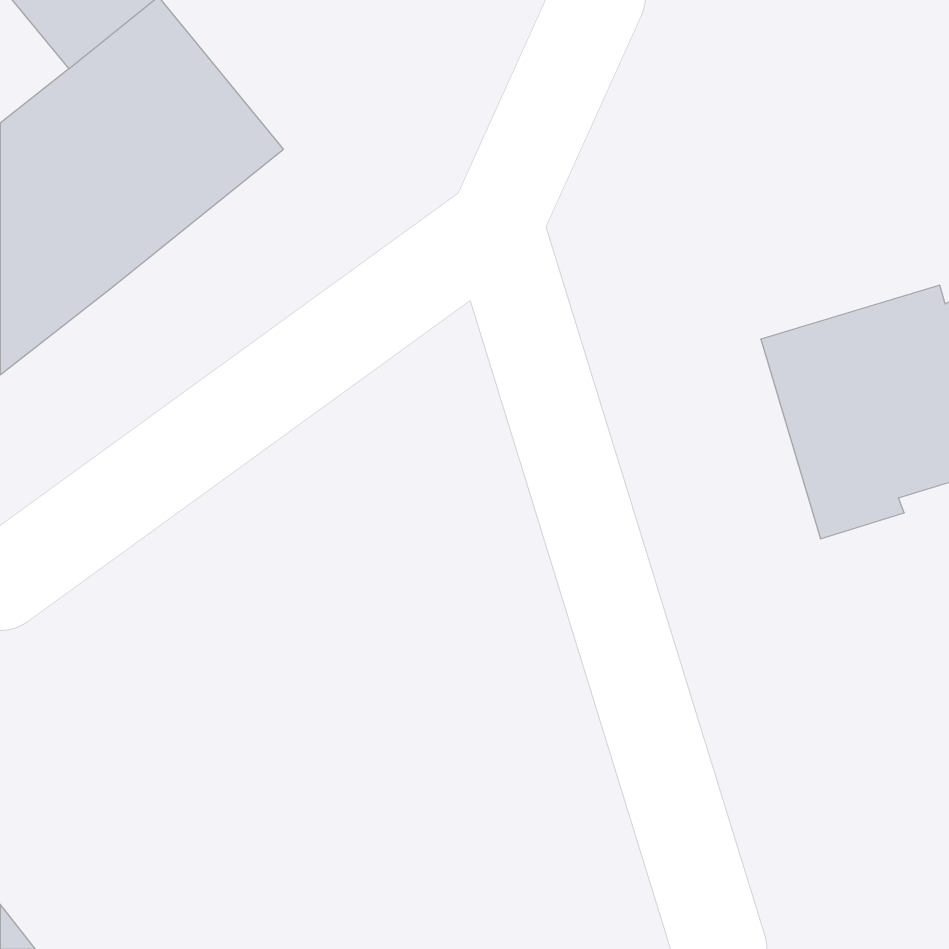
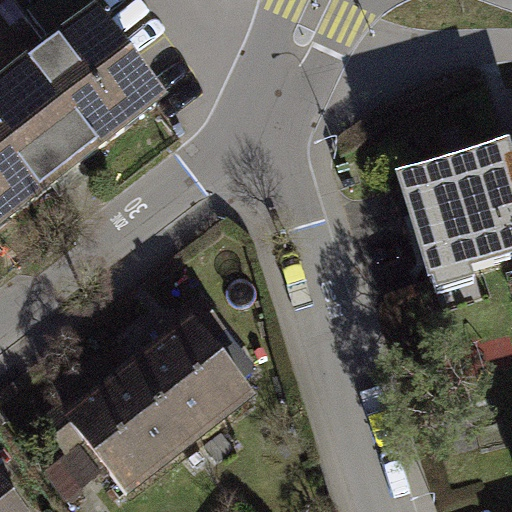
building: none -> [63,315,252,494]

